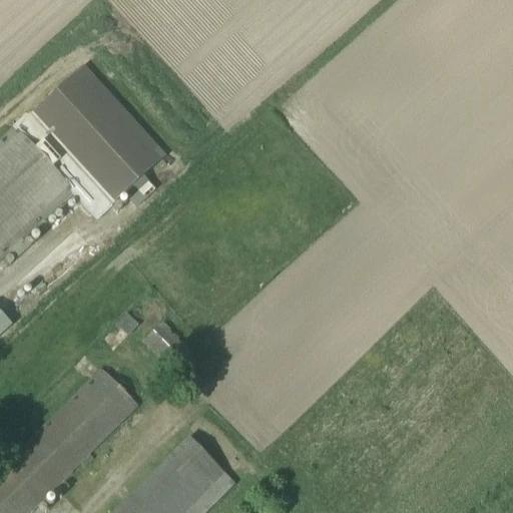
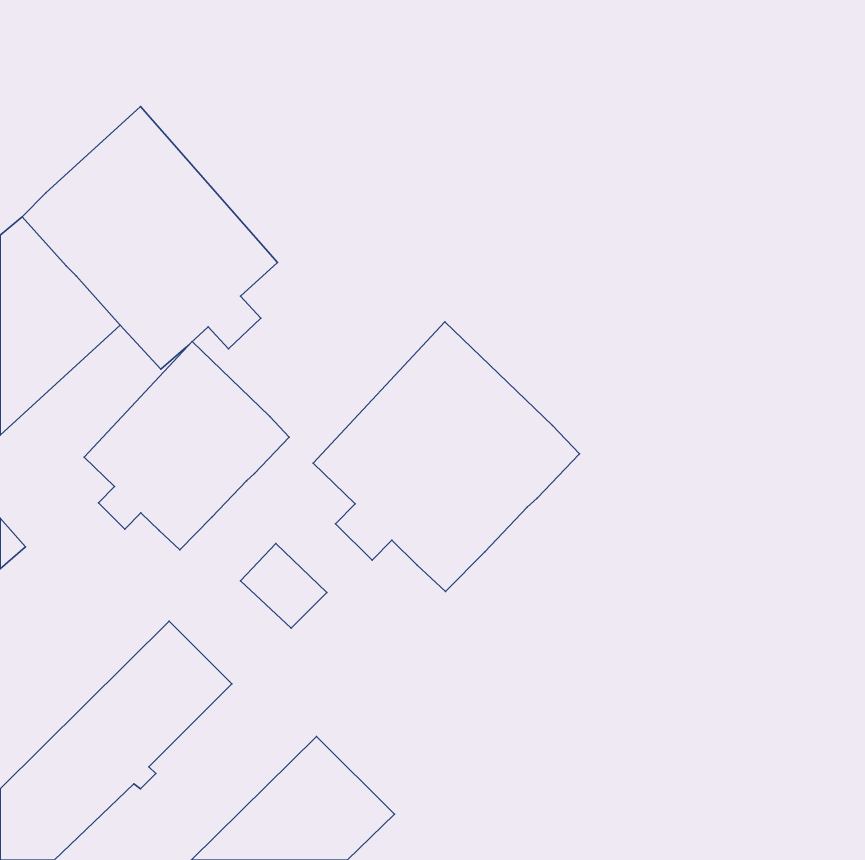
building: none -> [313,322,579,591]
building: none -> [84,341,289,550]

